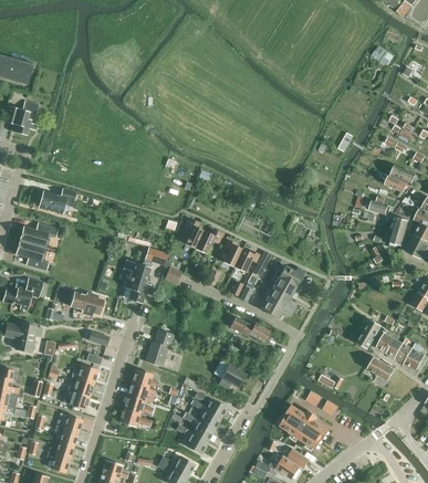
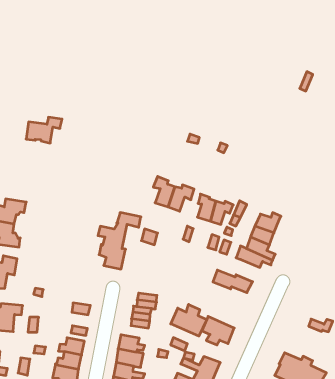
building: [39,189,76,214] -> [26,117,62,143]
building: [70,291,104,315] -> none
building: none -> [171,304,207,336]

